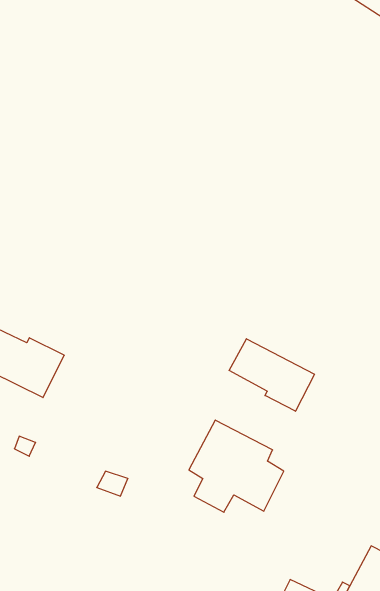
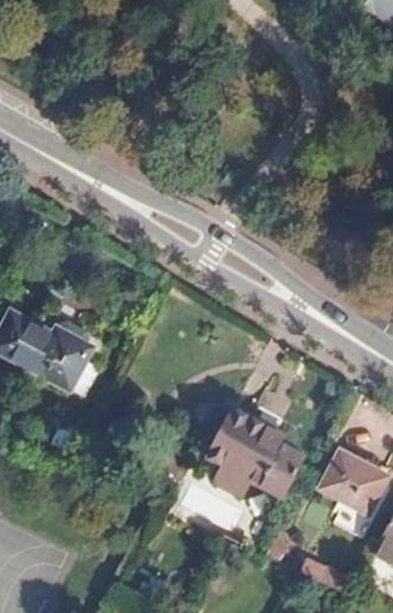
building: [229,339,314,411] -> none
building: none -> [318,450,383,511]

